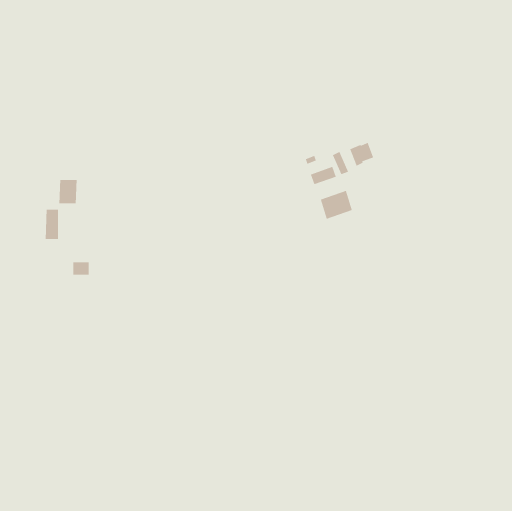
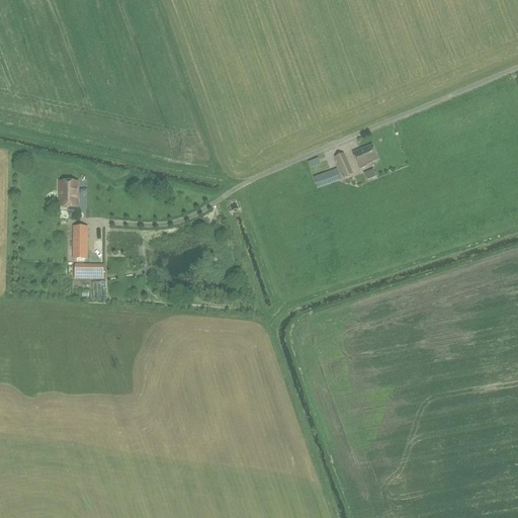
building: [320,190,353,220] -> none
building: [45,209,59,240] -> [73,226,87,257]

